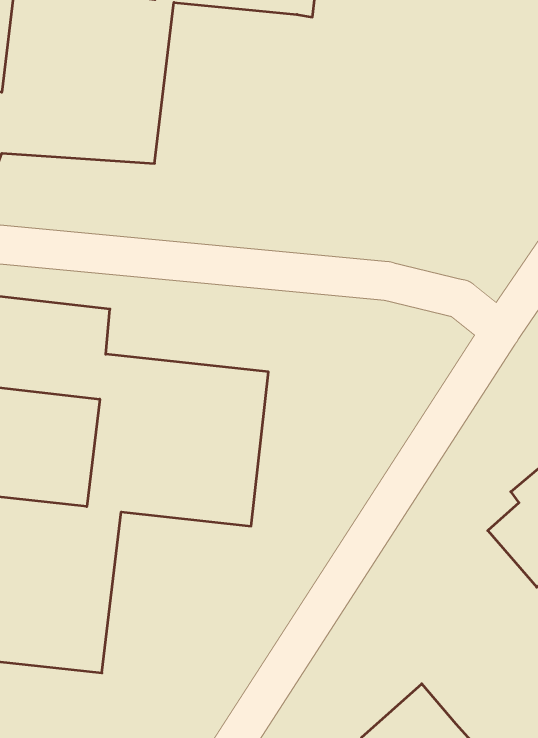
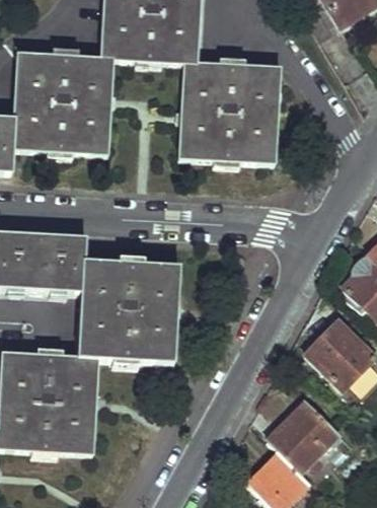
building: none -> [179,62,279,165]
building: none -> [268,404,340,469]

